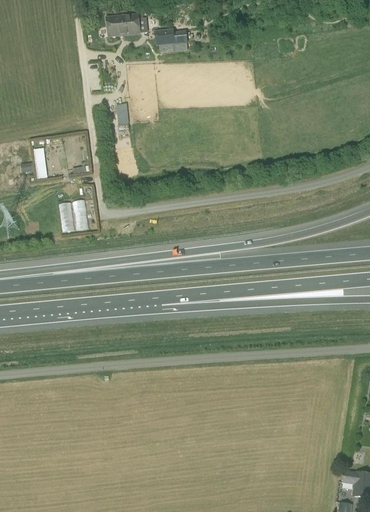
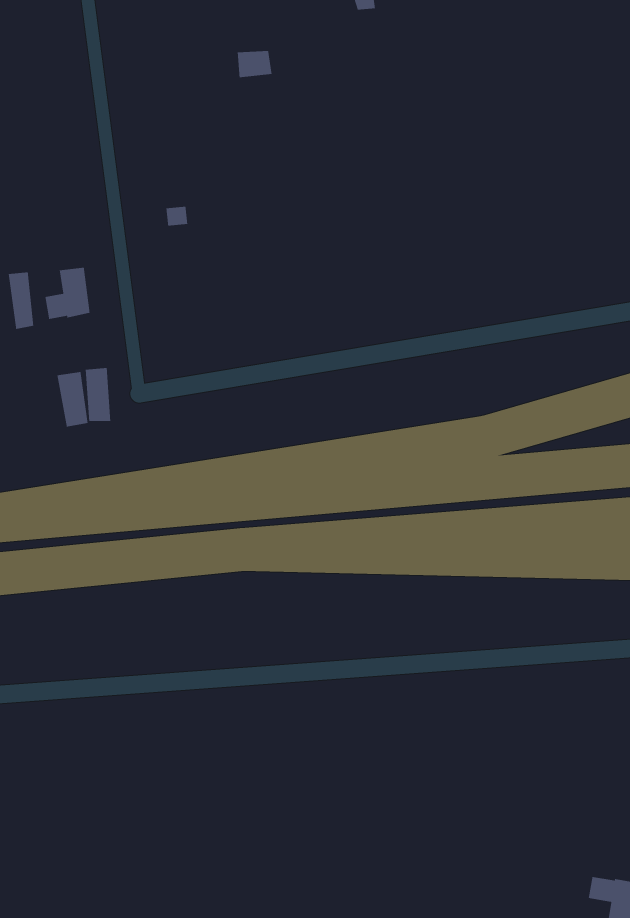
building: [106,14,139,36] -> none
building: none -> [45,267,91,320]

